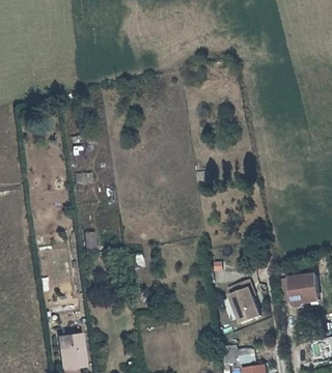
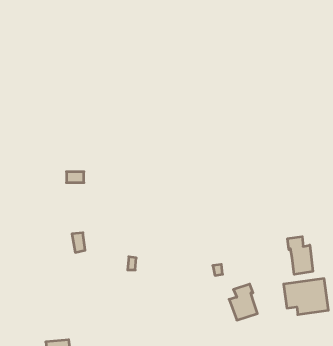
building: none -> [288,237,313,274]

